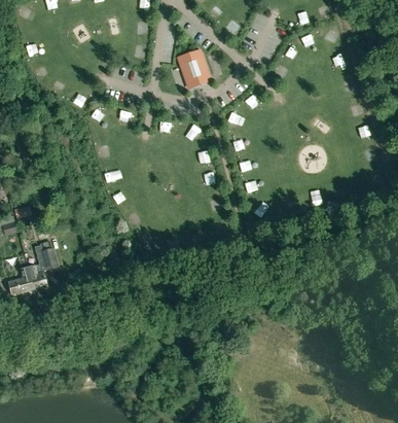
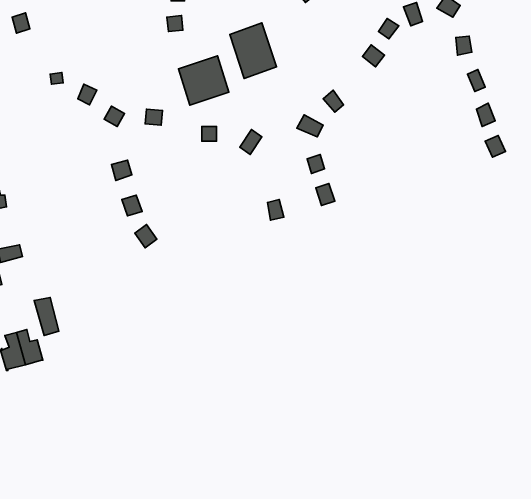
building: none -> [178,56,229,105]

